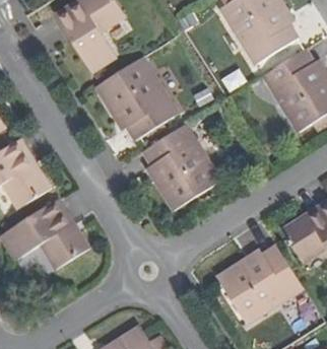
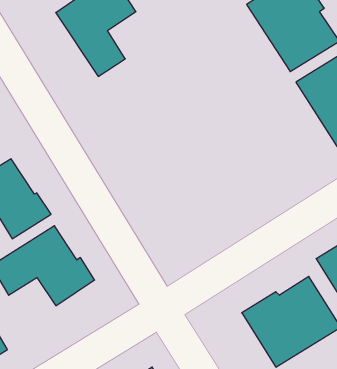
building: [99,53,184,140] -> none
building: [142,124,221,213] -> none

